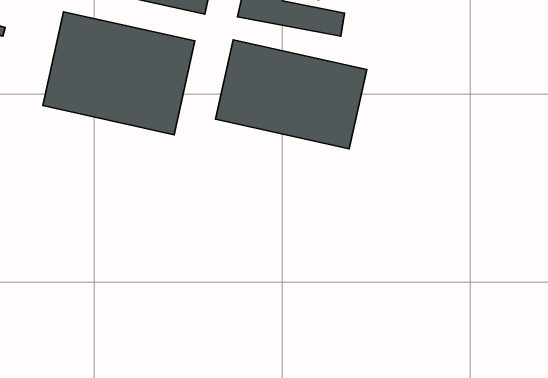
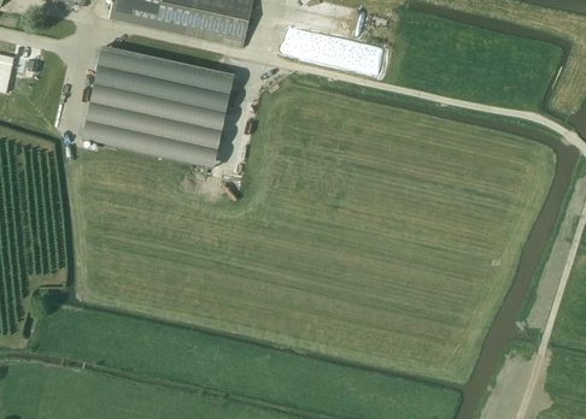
building: [216,40,367,149] -> none

